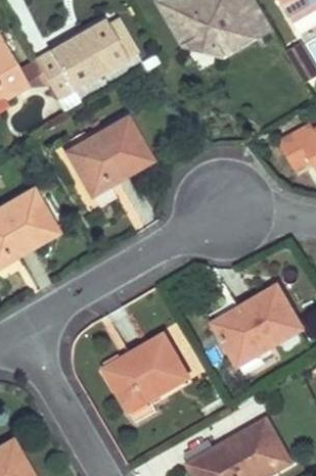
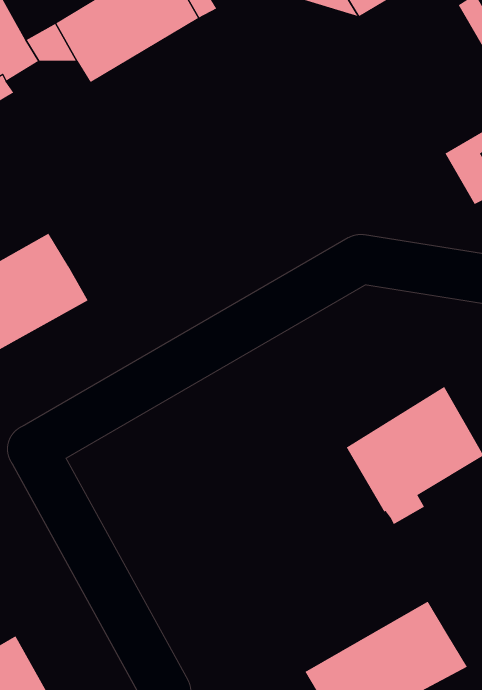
building: [67,117,149,192] -> none
building: [104,334,187,409] -> none

